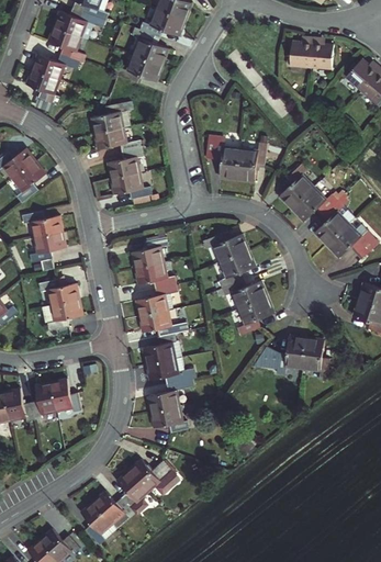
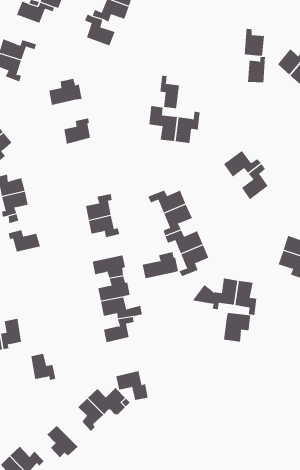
building: [44,27,76,61] -> none
building: [293,43,315,74] -> [247,57,266,83]
building: [113,54,157,83] -> none
building: none -> [160,75,180,109]
building: [89,126,133,150] -> none
building: [279,158,311,201] -> none
building: [107,170,144,195] -> none
building: [320,226,369,259] -> none
building: [133,282,176,314] -> [142,251,179,279]
building: [42,296,81,329] -> none
building: none -> [224,312,251,342]
building: [51,376,80,408] -> [31,353,56,381]
building: [153,402,191,437] -> [116,370,149,401]
building: [96,492,135,529] -> none

